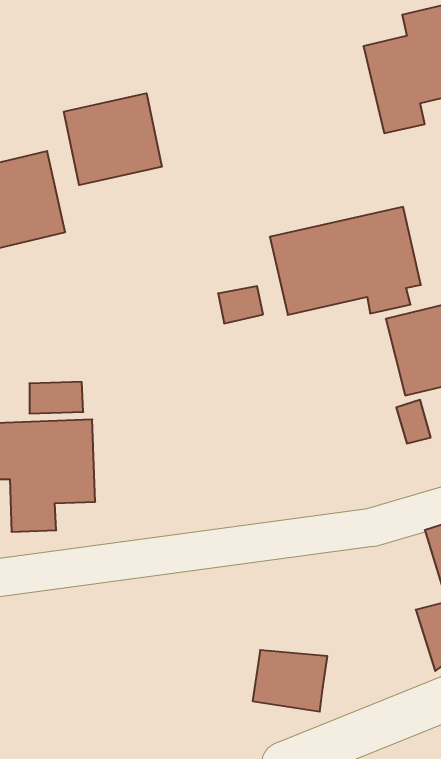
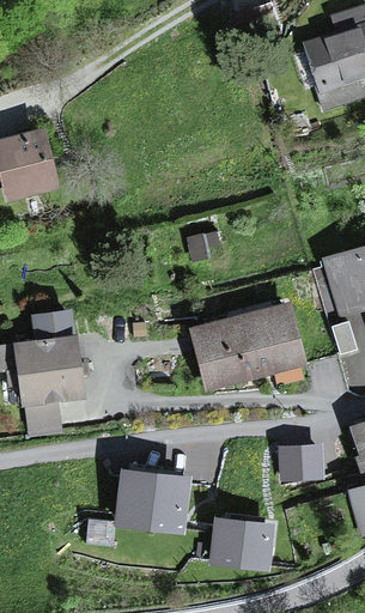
building: [64,93,162,185] -> none
building: [270,207,421,315] -> [187,303,308,389]
building: none -> [279,448,322,479]
building: none -> [117,473,189,534]

